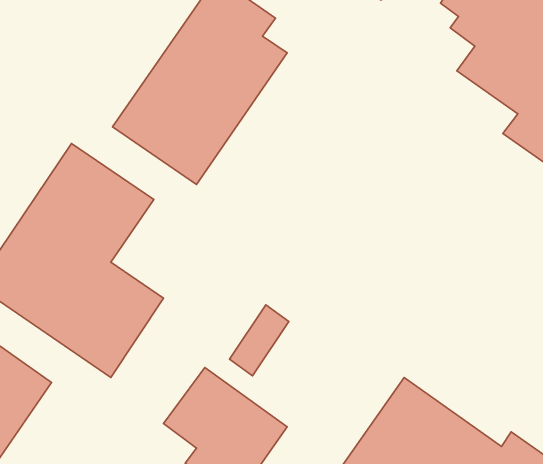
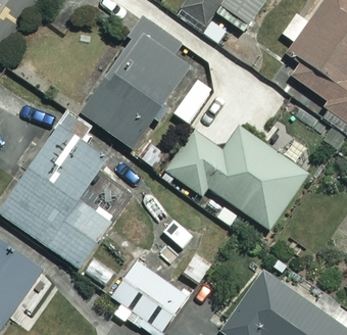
building: none -> [165,128,307,229]

